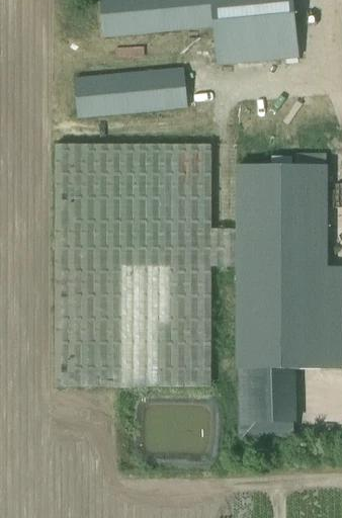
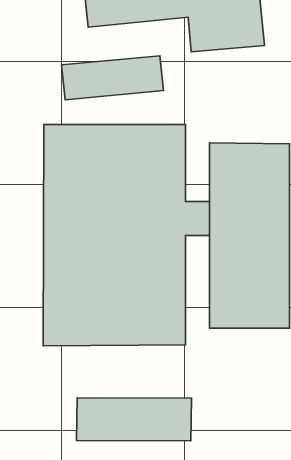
building: [239,367,293,437] -> none
building: none -> [76,398,192,441]

